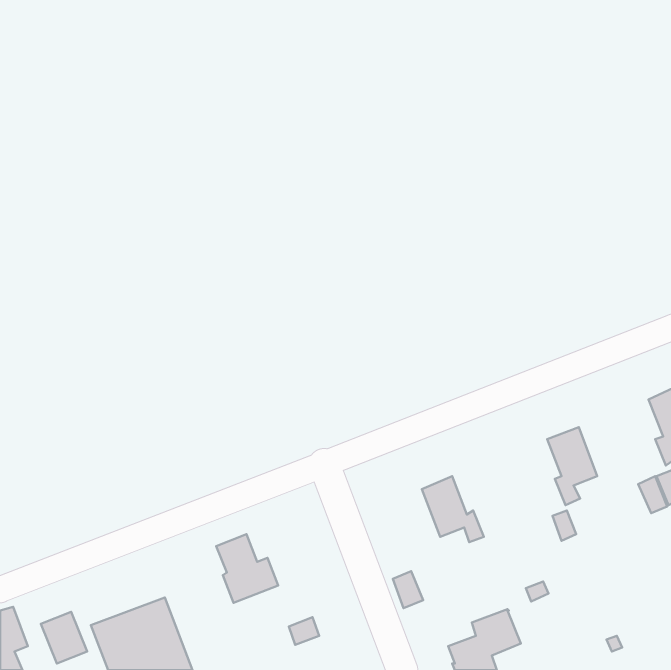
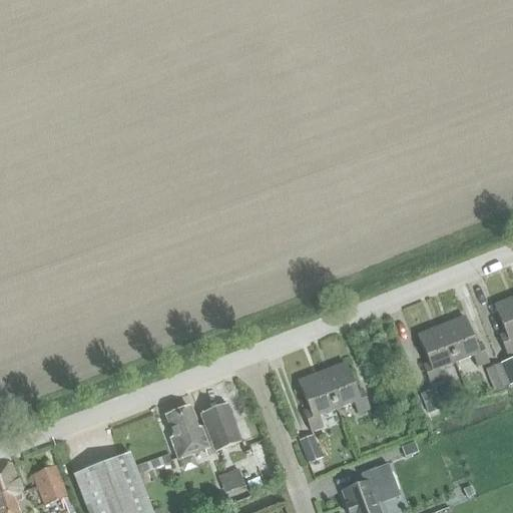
building: none -> [442,316,489,365]
building: none -> [299,372,337,430]
building: none -> [200,403,242,450]

